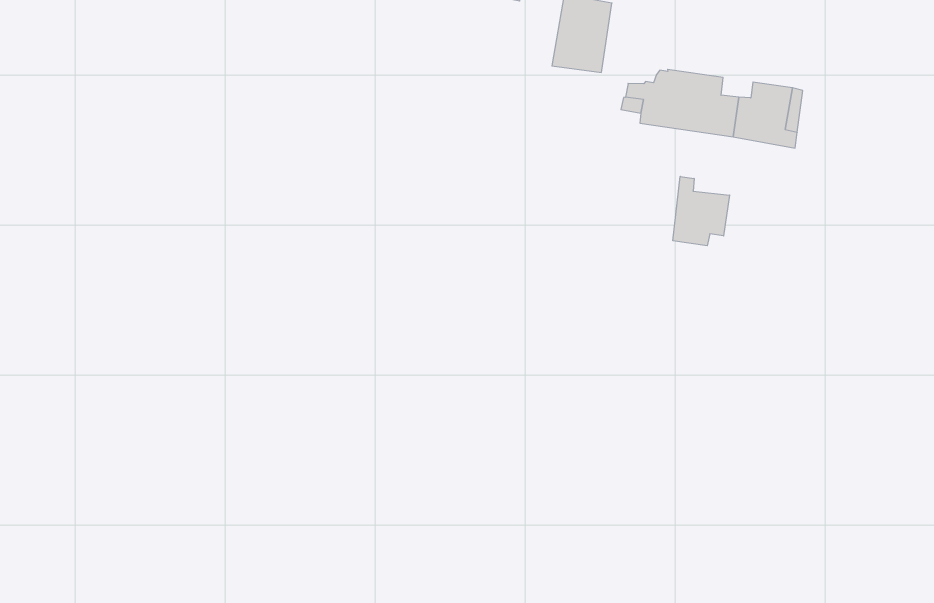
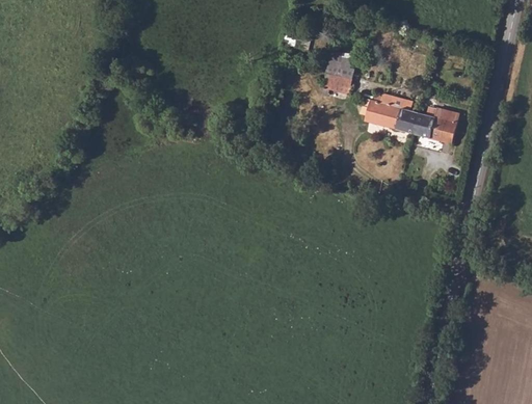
building: [673,176,730,246] -> none

